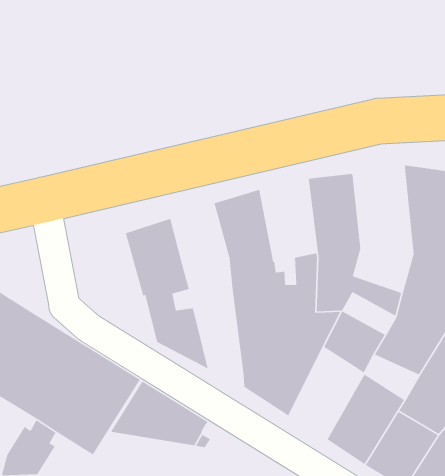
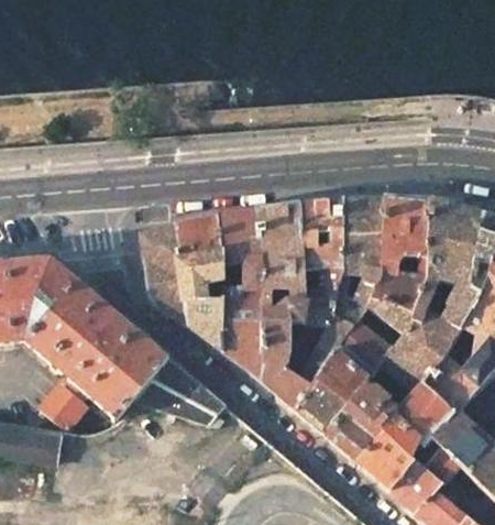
building: none -> [371,195,429,313]
building: none -> [298,199,342,269]
building: none -> [216,209,262,376]
building: none -> [140,225,187,326]
building: none -> [295,351,367,434]

